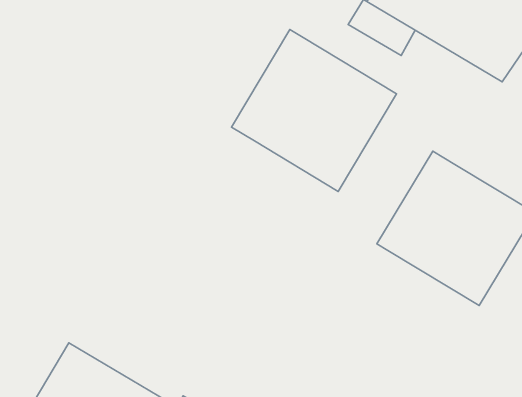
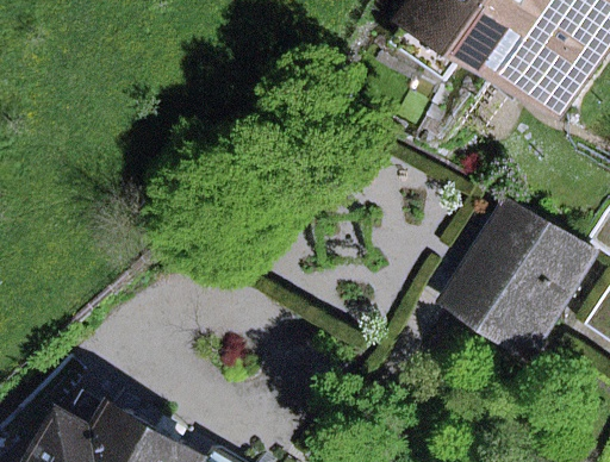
building: [232,29,397,192] -> none

